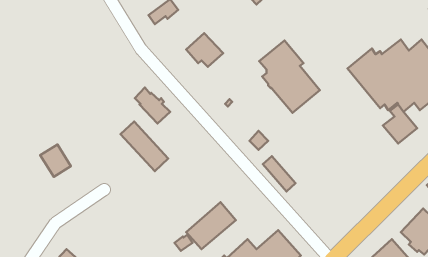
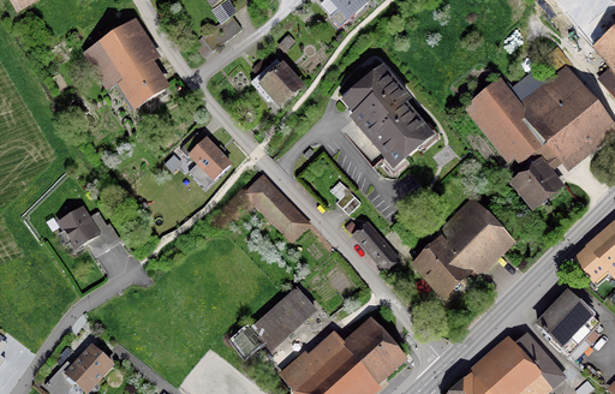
building: none -> [84,25,165,108]
building: [121,122,168,171] -> [247,173,311,239]
building: none -> [416,197,508,296]

